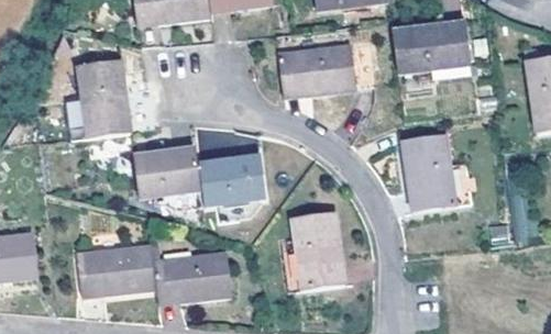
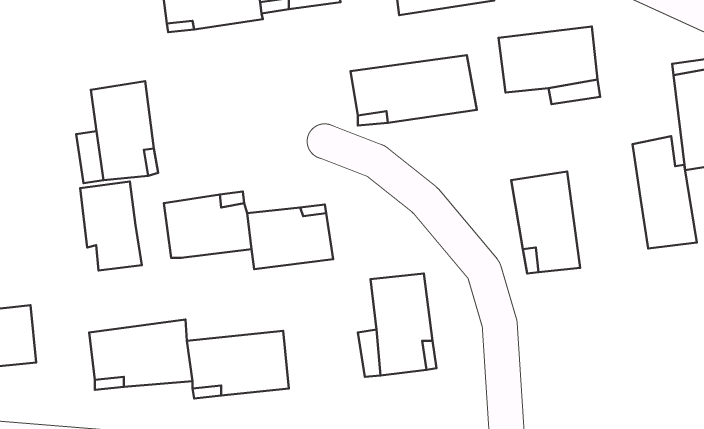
building: none -> [633,136,697,249]
building: none -> [80,181,142,270]

